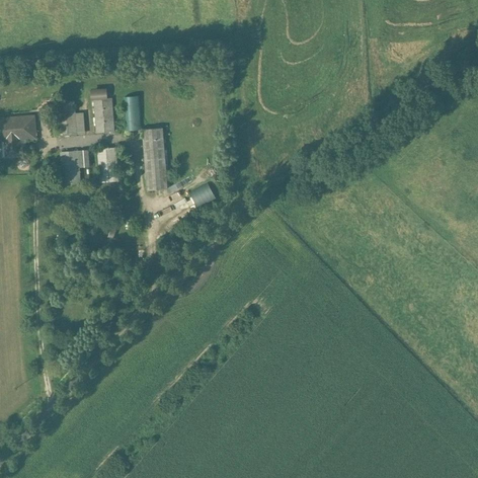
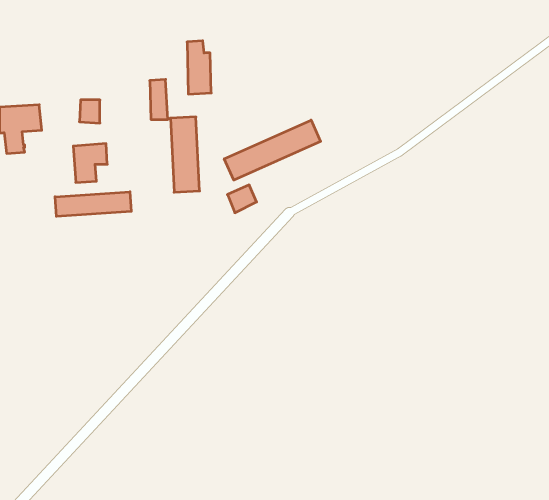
building: [93,87,113,132] -> [187,41,211,94]
building: none -> [224,120,321,180]
building: none -> [55,192,131,216]

